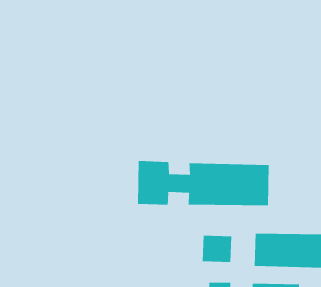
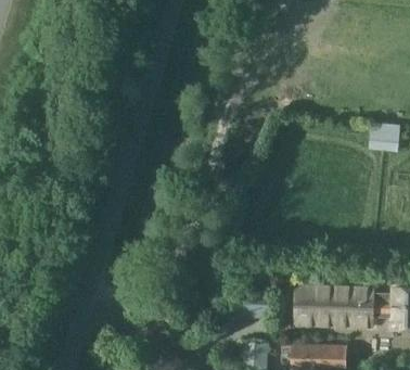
building: [137,160,269,206] -> none

